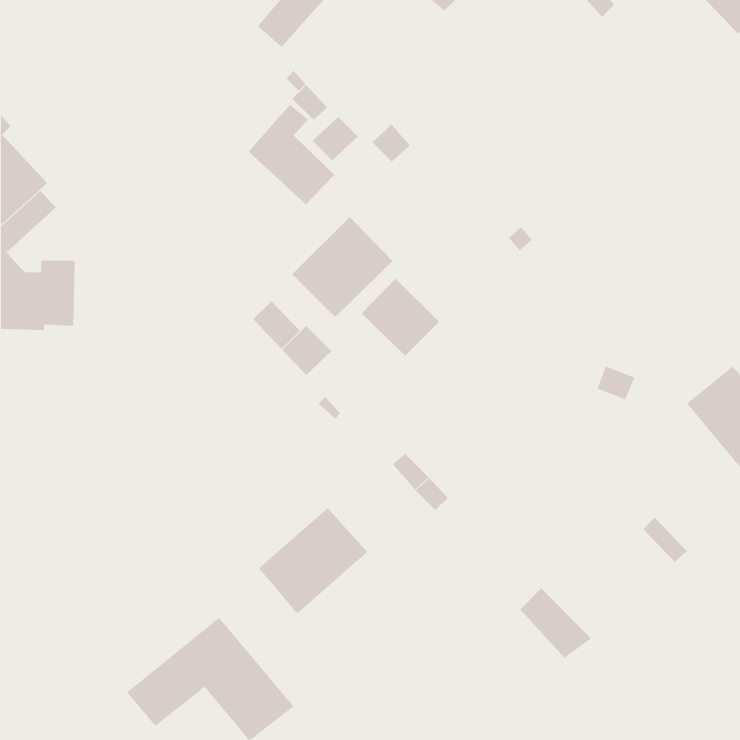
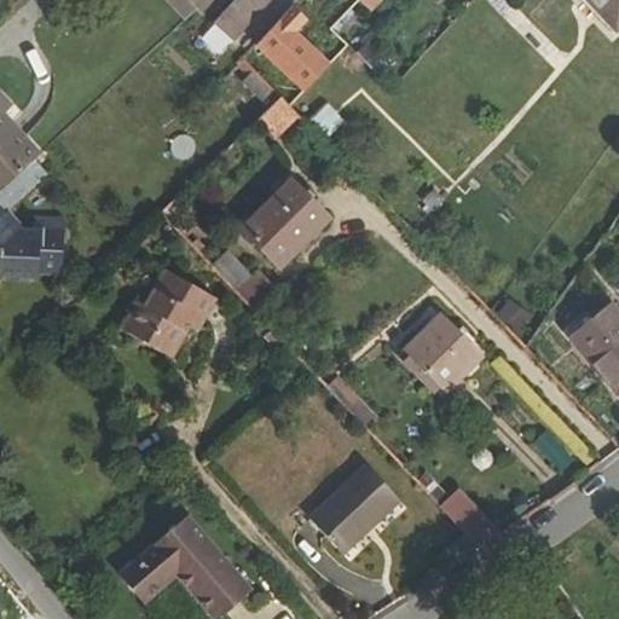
building: [248,104,335,205] -> [258,5,330,89]
building: [361,278,440,356] -> none
building: none -> [122,268,216,357]
building: none -> [401,311,482,393]
building: [258,507,368,615] -> [302,464,394,554]

